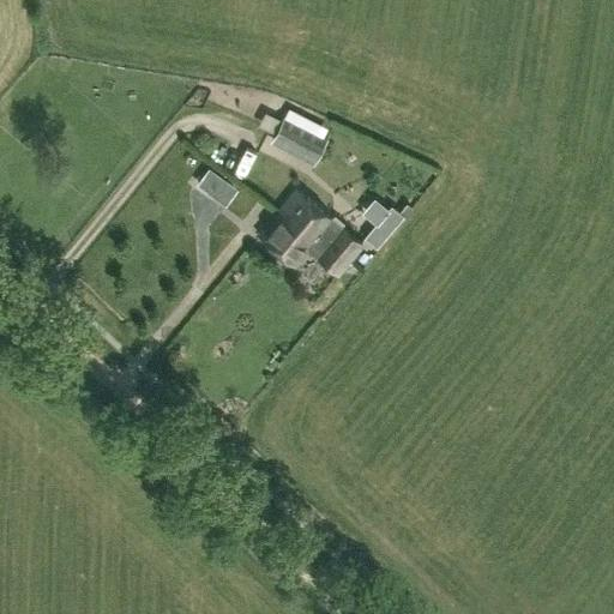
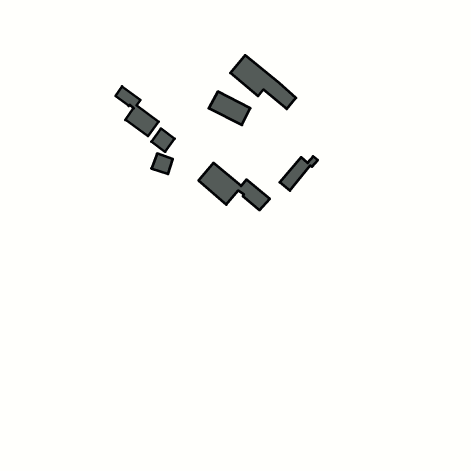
building: none -> [116,86,159,136]
building: [278,191,363,260] -> [230,55,296,109]

